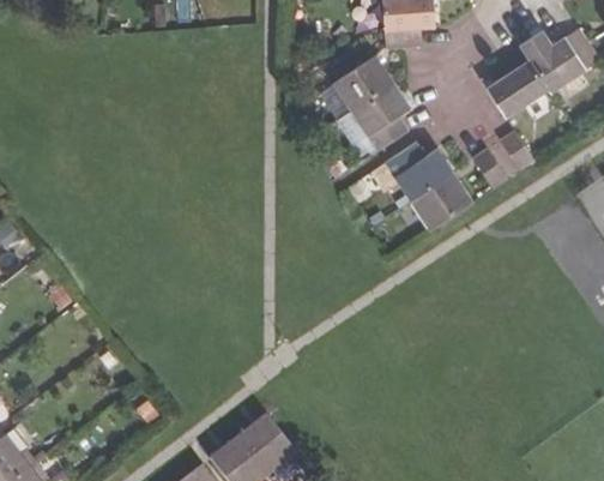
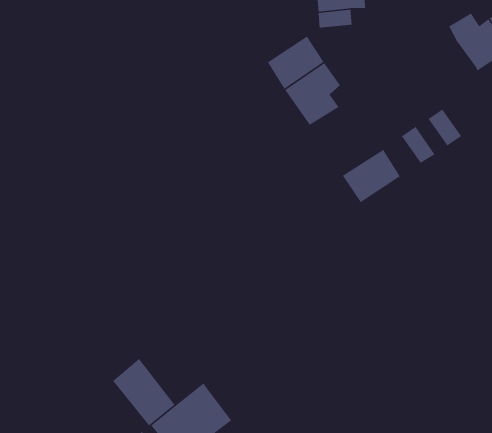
building: [485,61,546,116] -> none
building: [385,143,452,200] -> none
building: none -> [112,358,176,427]

